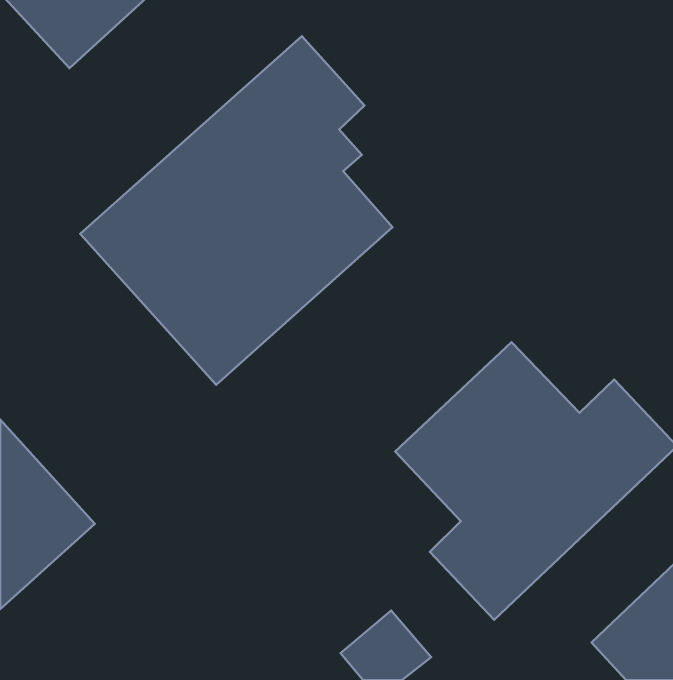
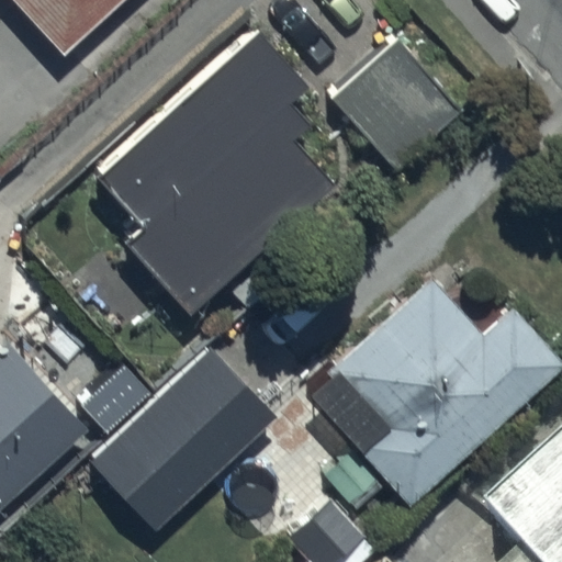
building: none -> [333,38,464,170]
building: none -> [88,346,274,530]

